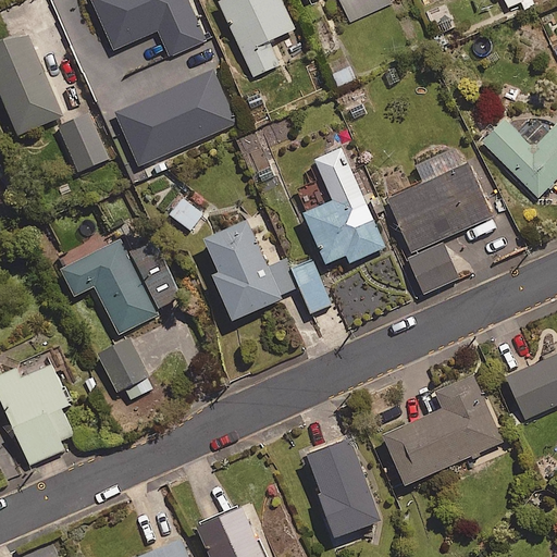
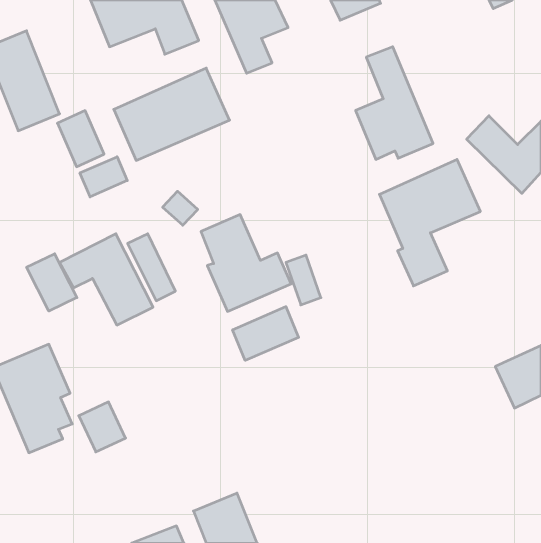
building: [306,147,385,262] -> [356,47,433,159]
building: none -> [80,157,127,197]
building: none -> [27,254,77,311]
building: none -> [233,307,299,360]
building: [99,339,147,391] -> [79,402,126,452]
building: [384,374,500,483] -> none
building: [309,434,381,535] -> none

